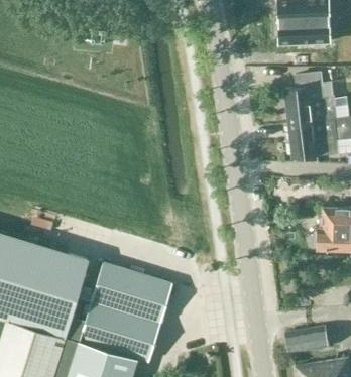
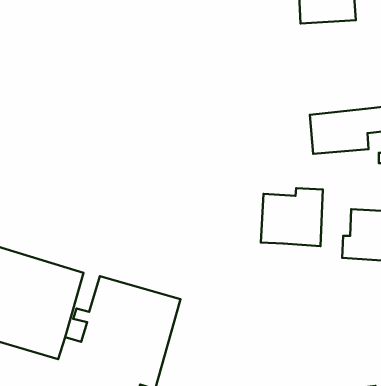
building: [283,71,336,123] -> none
building: none -> [261,188,323,246]
building: [285,326,327,353] -> none

